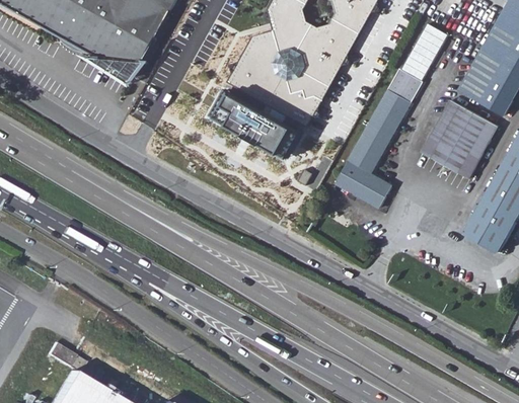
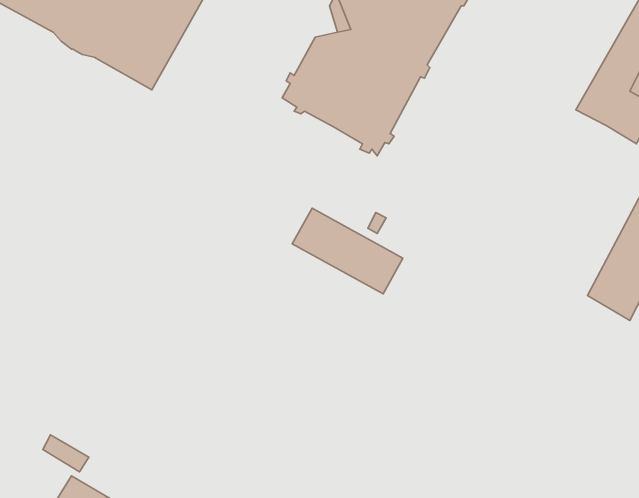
building: [337,23,447,207] -> none
building: [212,88,297,154] -> [292,208,403,294]
building: [423,99,498,176] -> none

